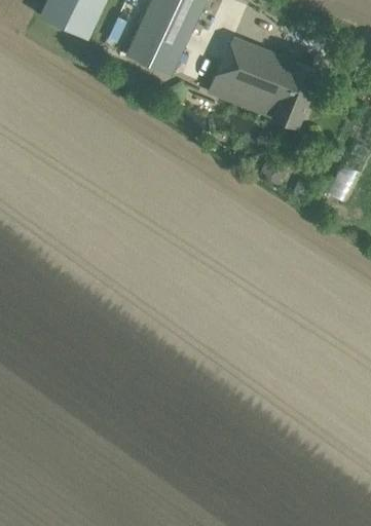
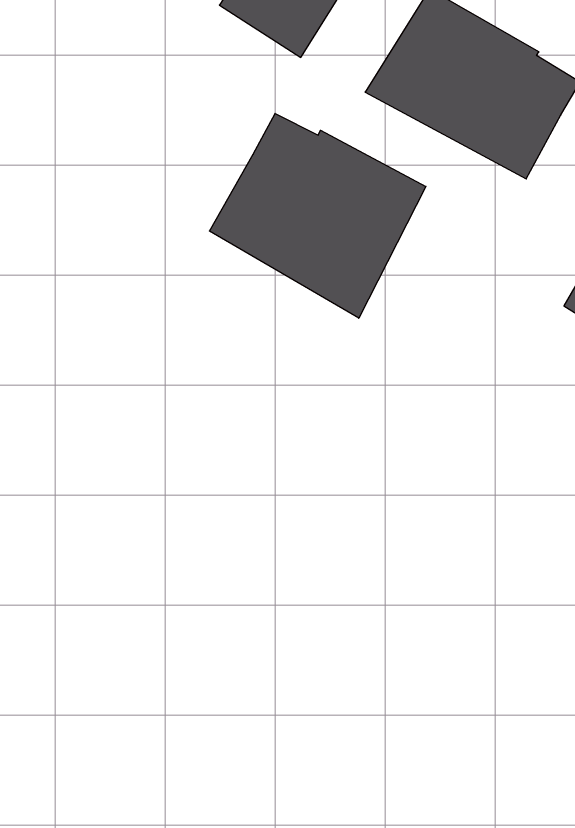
building: none -> [209,113,426,318]

